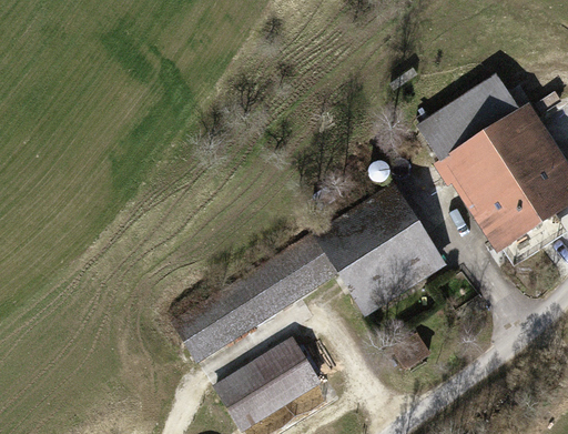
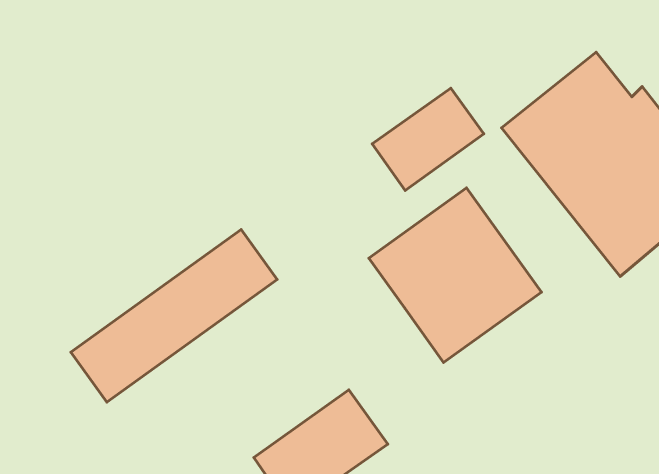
building: none -> [372,88,484,191]
building: [169,232,338,365] -> [71,229,277,402]

